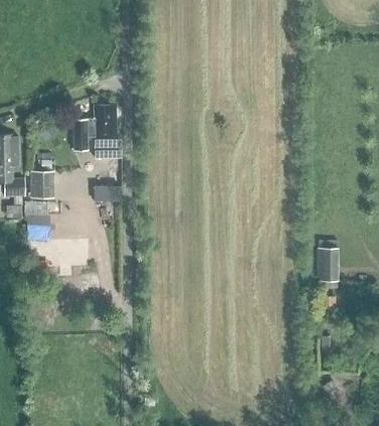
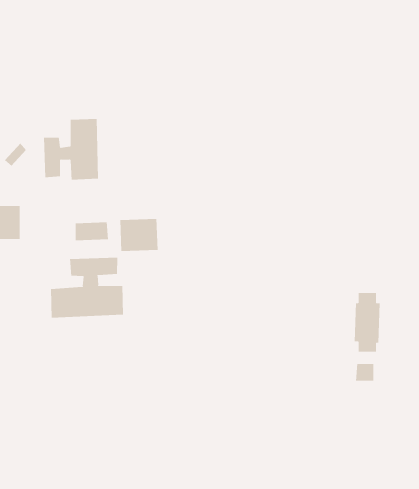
building: none -> [120,218,158,252]
building: none -> [51,257,124,318]

